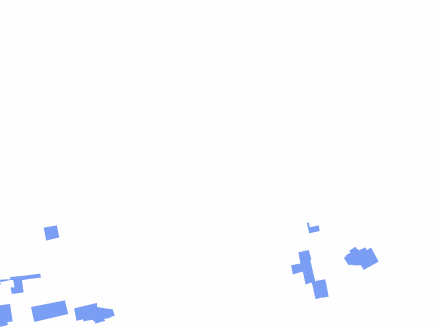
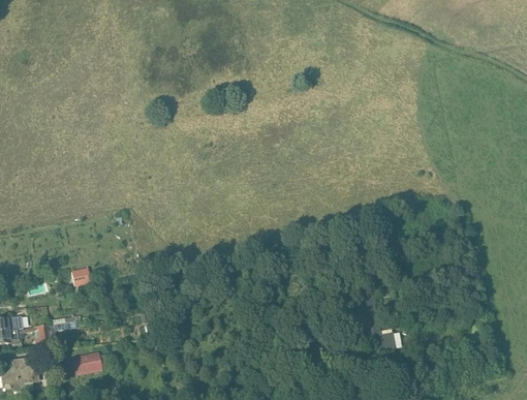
building: [343,246,379,271] -> none
building: [73,302,115,324] -> none

